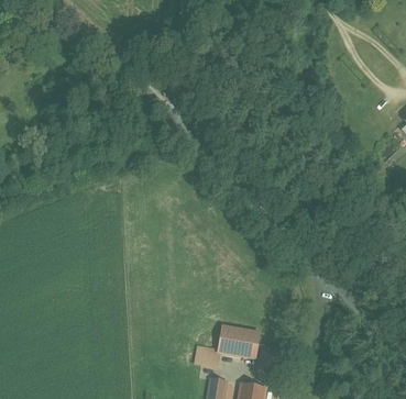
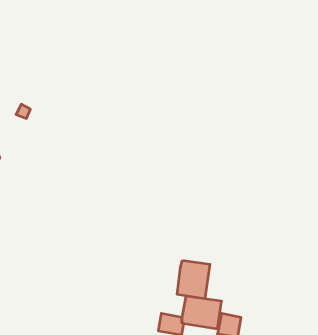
building: none -> [177,261,210,299]

